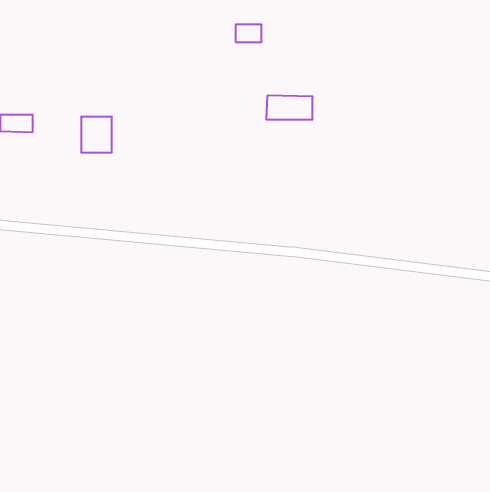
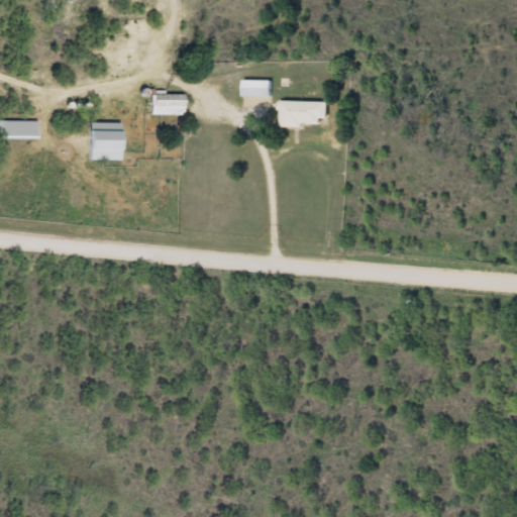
building: [236,25,262,42] -> [245,79,273,97]
building: none -> [150,93,184,114]

